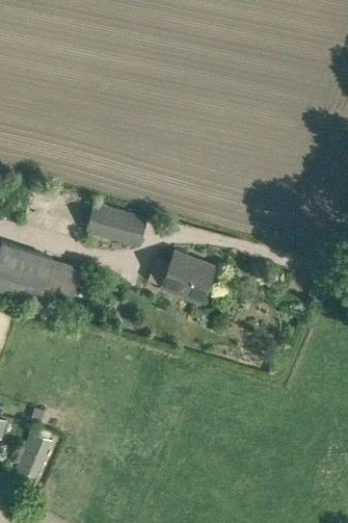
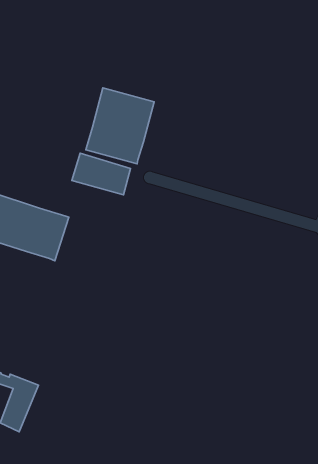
building: none -> [86,88,154,164]
building: [161,252,216,304] -> none

